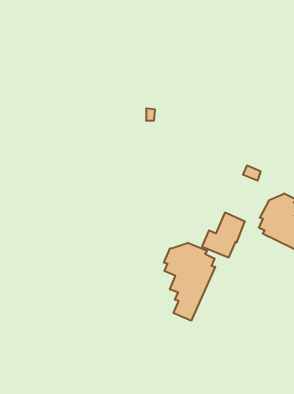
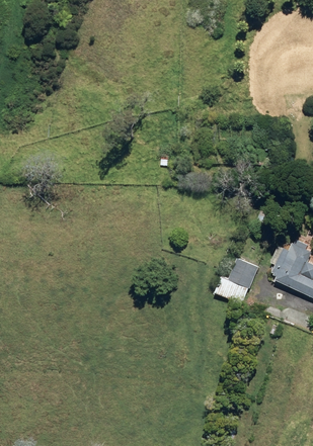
building: [164,243,215,321] -> none

